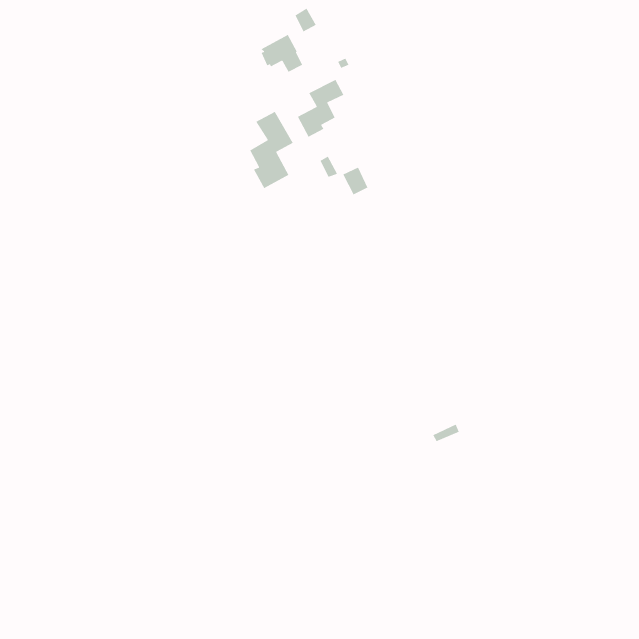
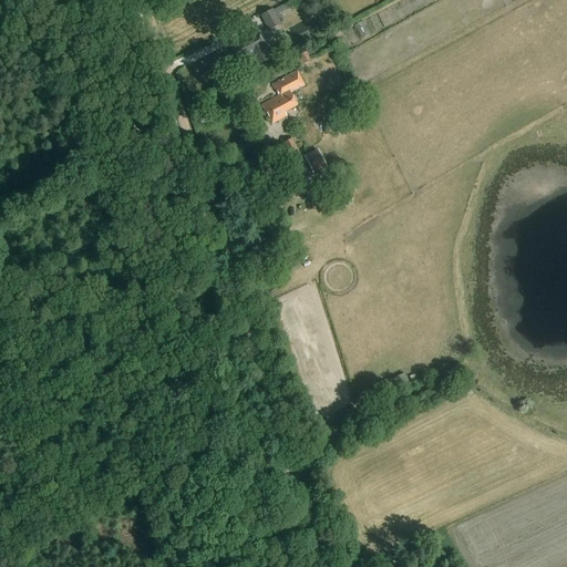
building: [249,111,294,189] -> none

